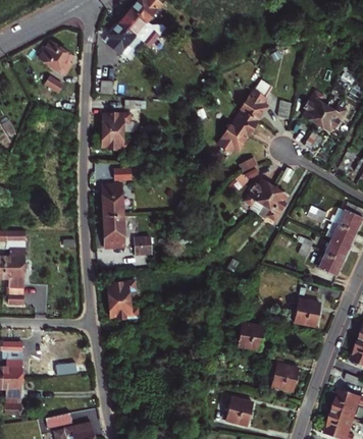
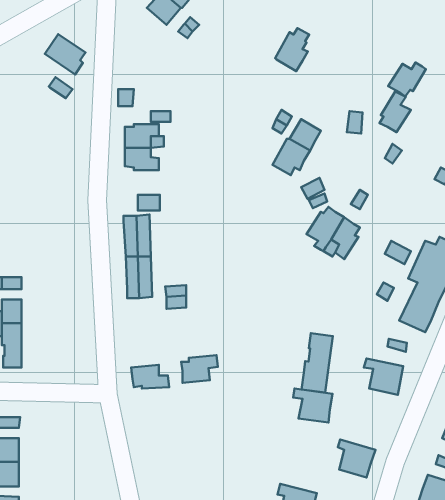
building: [109,23,137,54] -> none
building: [240,86,266,119] -> [275,28,309,71]
building: [315,102,345,128] -> [388,63,426,97]
building: none -> [301,333,333,393]
building: [107,282,136,304] -> [181,355,218,383]

